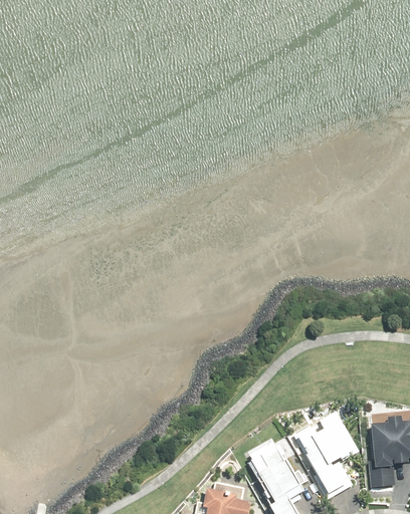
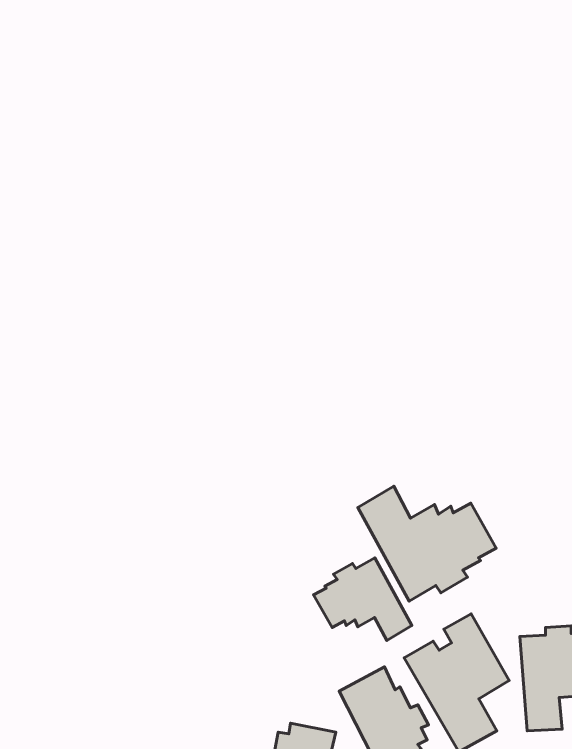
building: none -> [358,486,496,601]
building: none -> [314,558,412,641]

